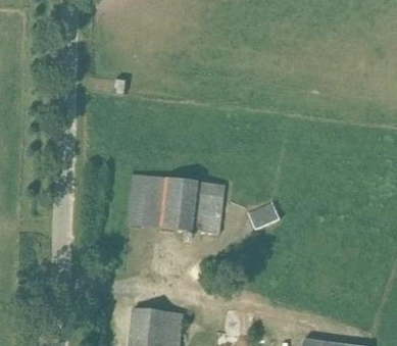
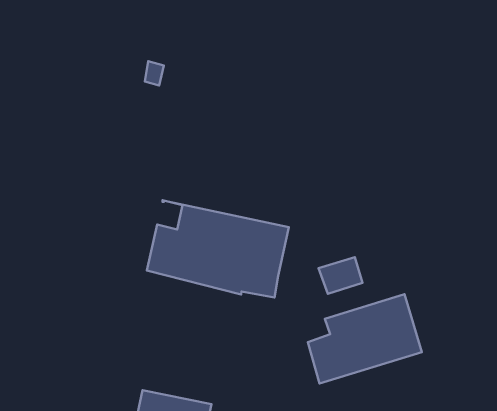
building: none -> [308,294,422,383]

